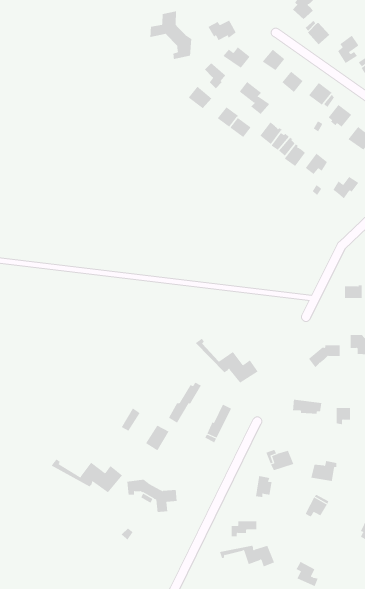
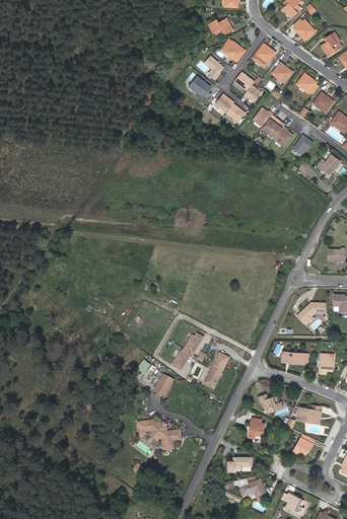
building: [150,11,192,60] -> none
building: [195,338,259,384] -> none
building: [51,458,123,493] -> none

